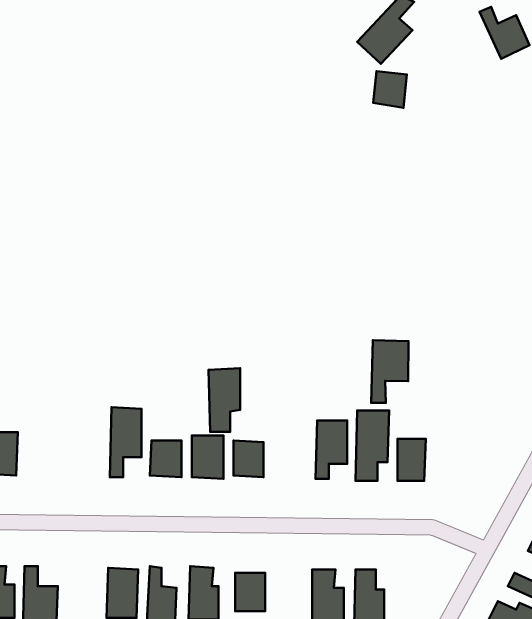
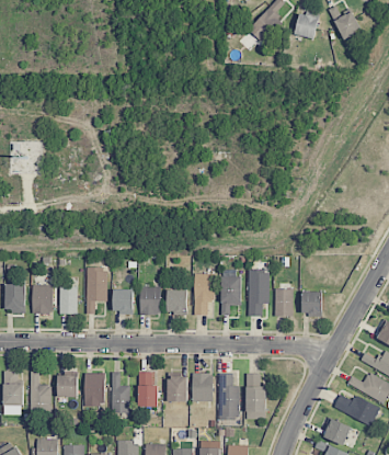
building: [373,71,407,108] -> [296,14,318,38]
building: [371,340,408,403] -> none
building: [208,368,240,432] -> [194,273,215,315]
building: none -> [32,285,54,314]
building: none -> [59,286,78,314]
building: none -> [302,292,322,315]
building: none -> [193,373,213,401]
building: none -> [58,375,78,398]

